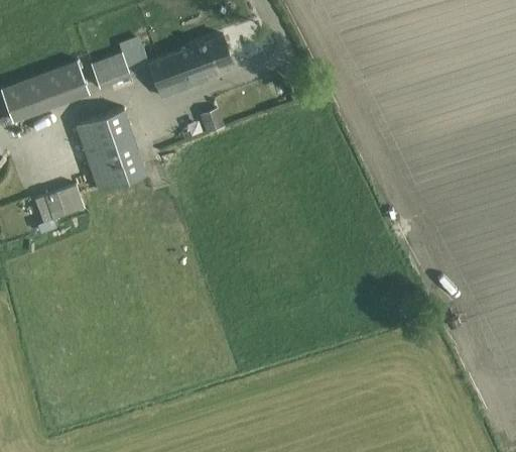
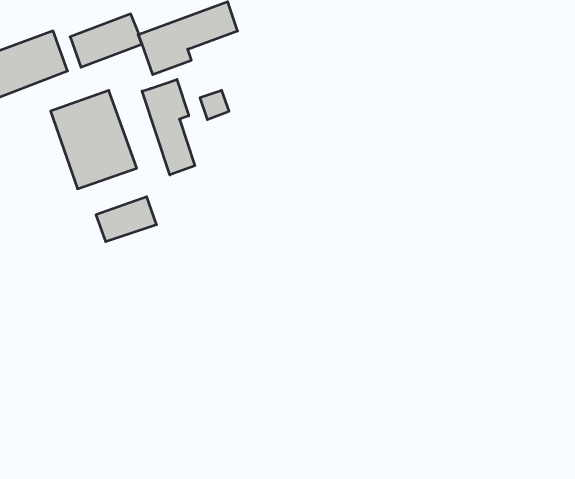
building: none -> [142,79,195,175]
building: [37,190,88,227] -> [96,197,157,242]

